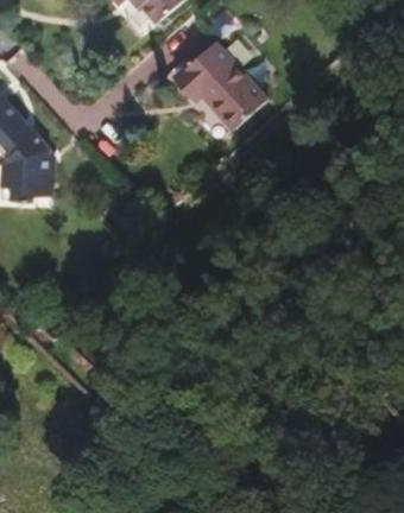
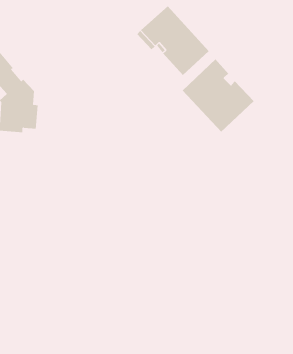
building: none -> [182,59,255,132]

